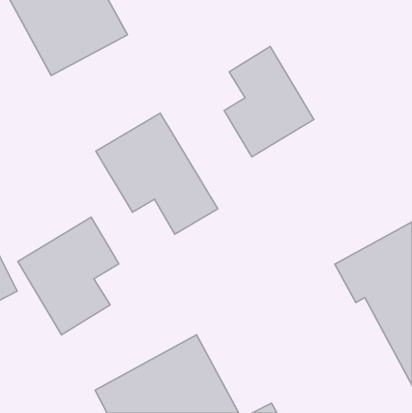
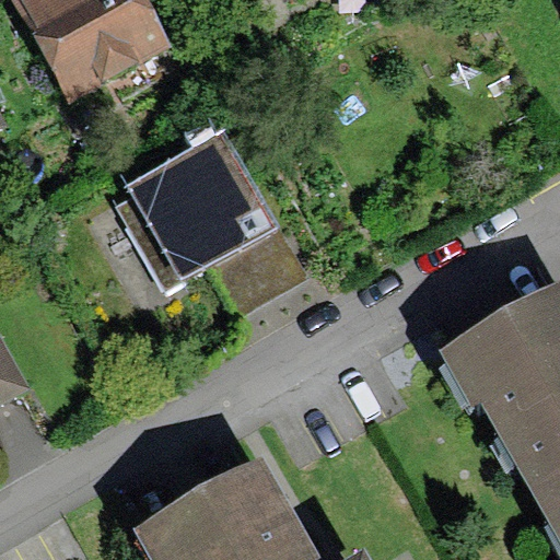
building: [224,47,314,157] -> none
building: [18,217,119,335] -> none

